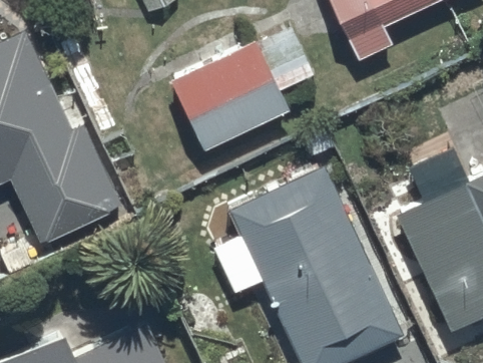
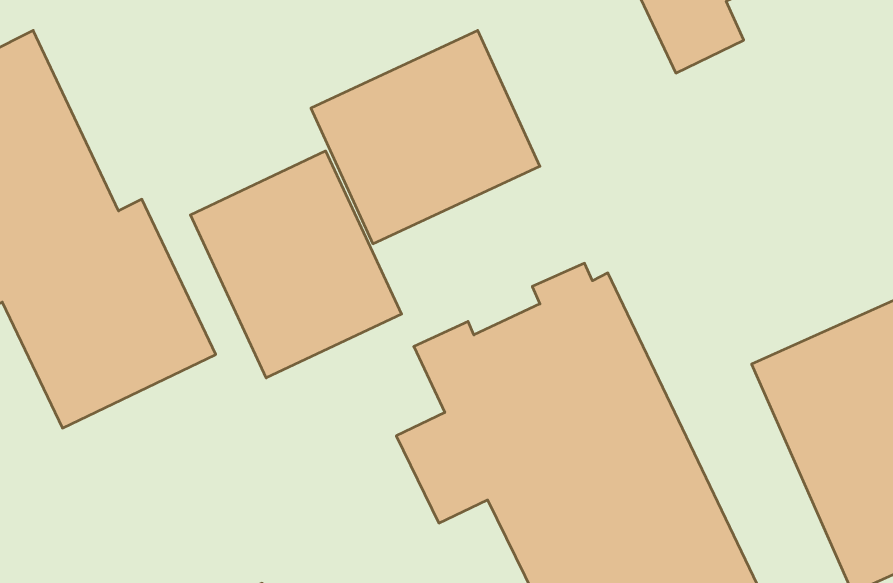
building: none -> [190,151,402,378]

